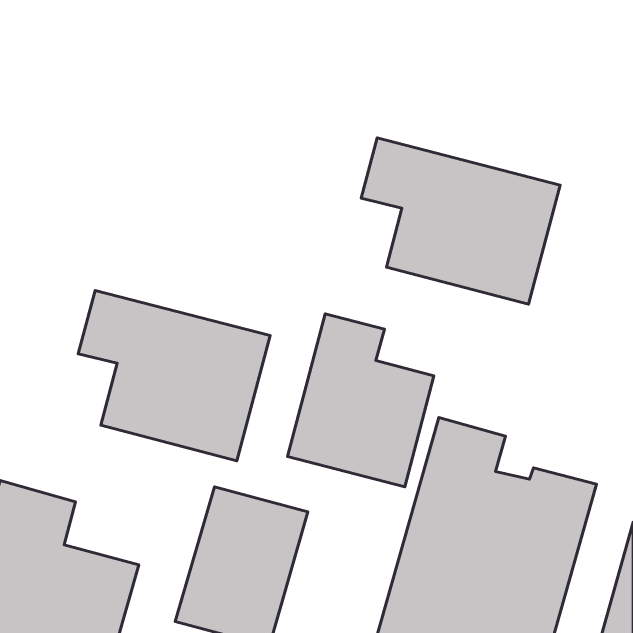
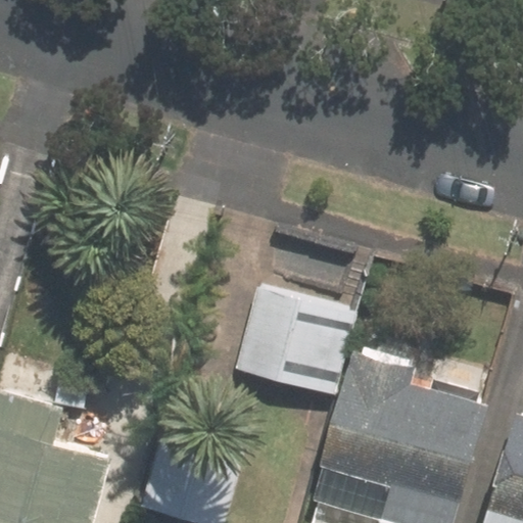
building: [361,138,560,304] -> none
building: [78,291,270,461] -> none

